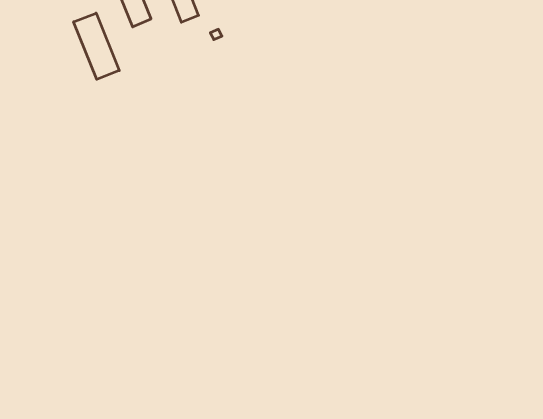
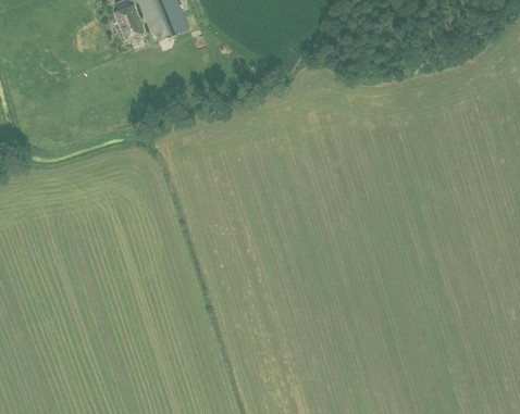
building: [74,13,119,79] -> none

